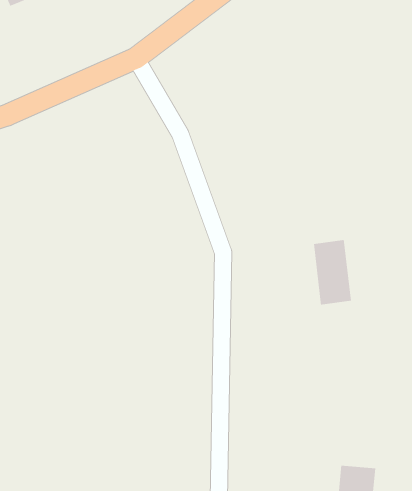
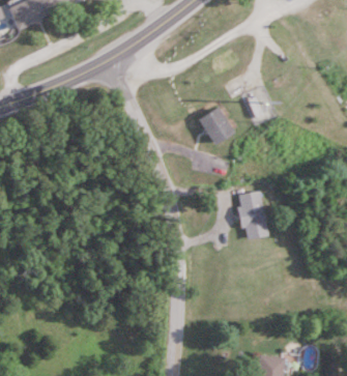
building: none -> [198,108,233,145]

